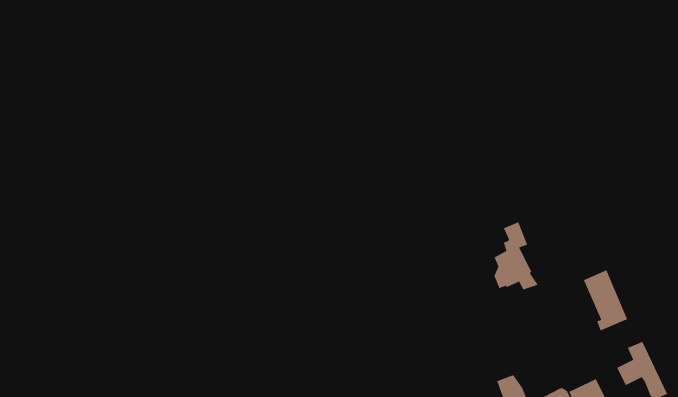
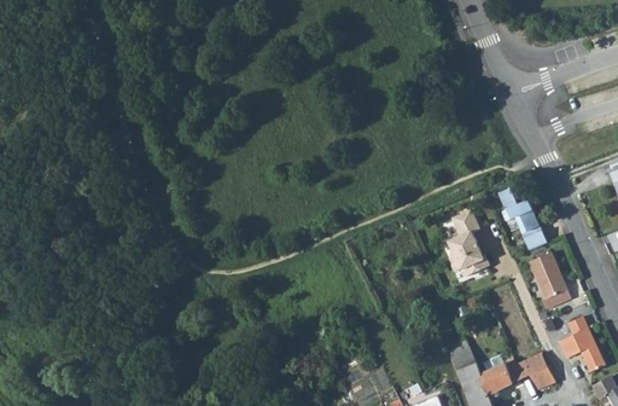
building: none -> [496,188,546,251]

